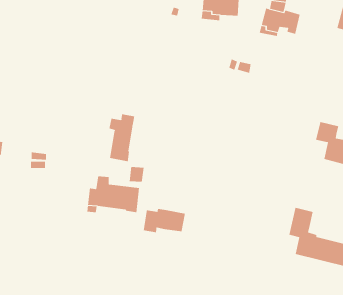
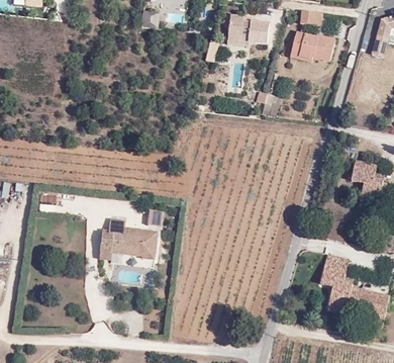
building: [109,113,135,162] -> none
building: [143,208,185,233] -> none

